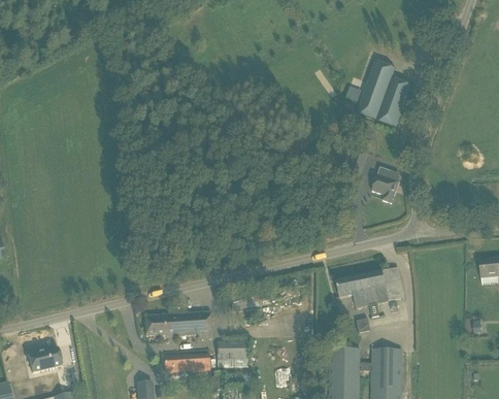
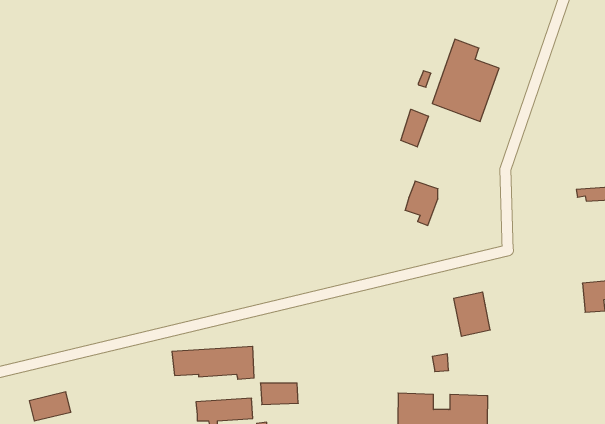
building: none -> [401,109,428,147]
building: [372,166,399,202] -> [405,181,438,225]
building: [335,271,380,307] -> none

